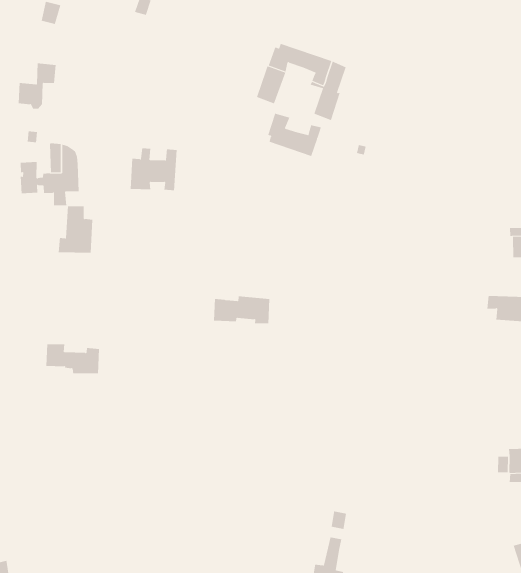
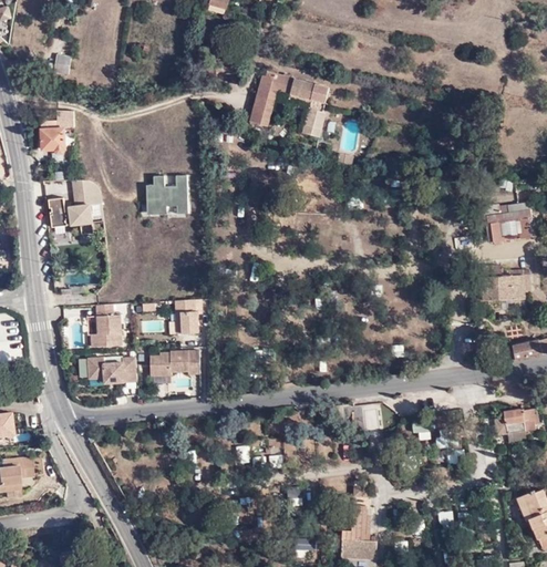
building: [267,113,321,157] -> none
building: [58,206,93,253] -> [91,303,121,347]
building: none -> [174,299,197,333]
building: [213,296,270,324] -> [148,351,199,375]

